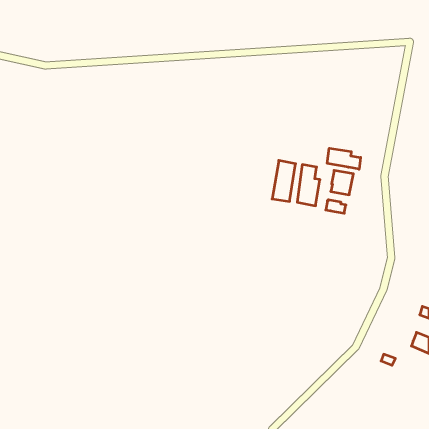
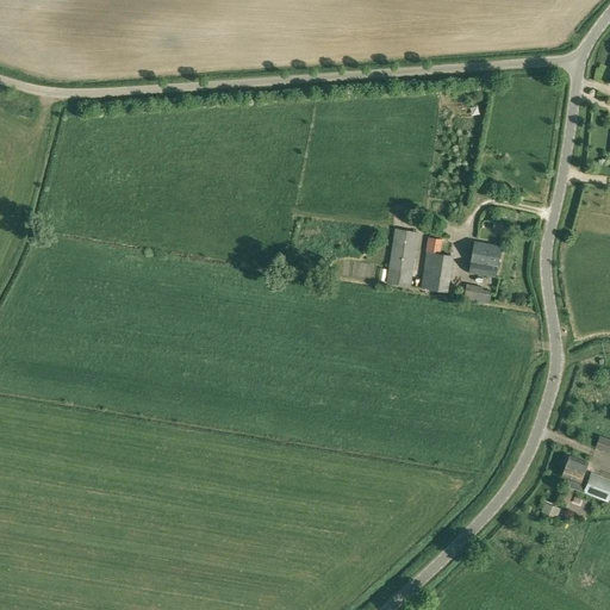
building: [327,148,361,169] -> none
building: none -> [562,455,589,492]

